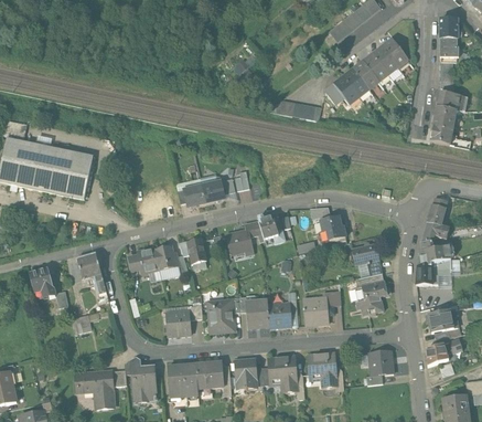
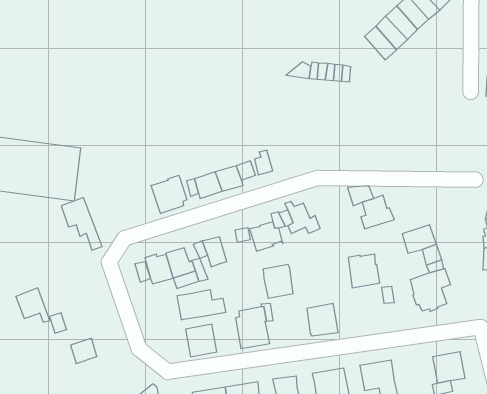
building: none -> [151,175,187,214]
building: [77,255,108,299] -> [61,197,102,250]
building: none -> [177,290,226,320]
building: [304,298,329,325] -> [348,254,380,288]
building: [246,300,269,327] -> [263,265,293,298]

